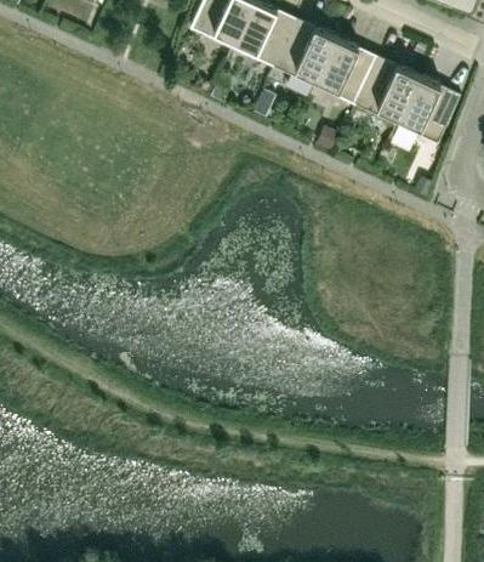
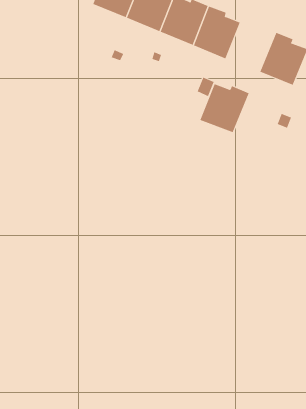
building: [354,58,418,121] -> [200,83,249,133]

